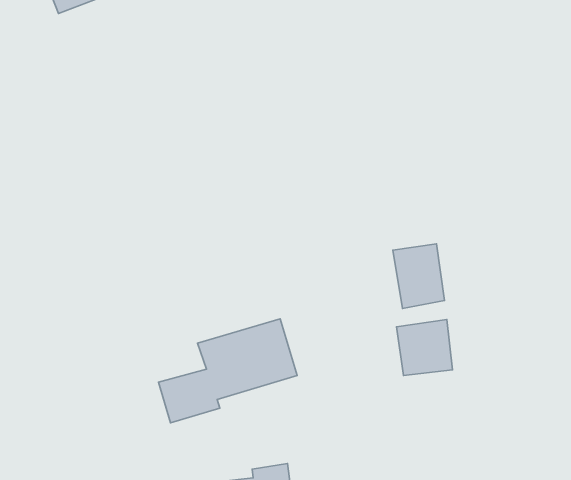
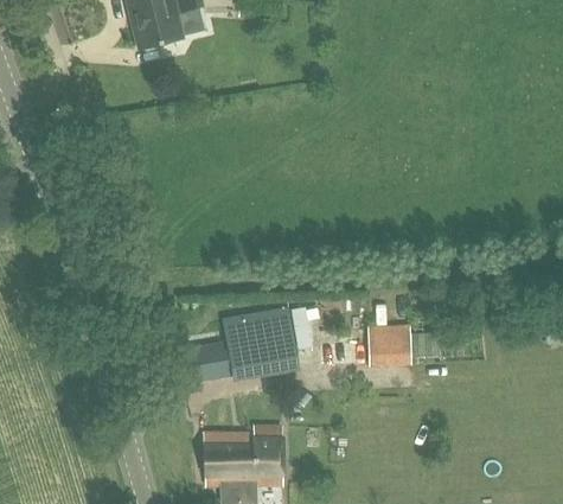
building: [393,244,445,308] -> none

